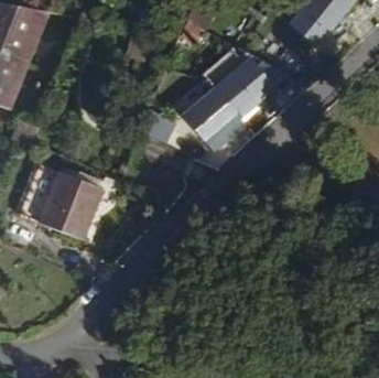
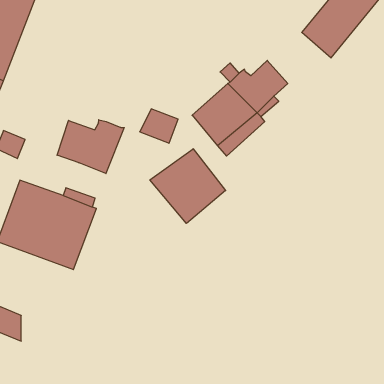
building: none -> [57,120,124,174]
building: none -> [150,149,226,223]

